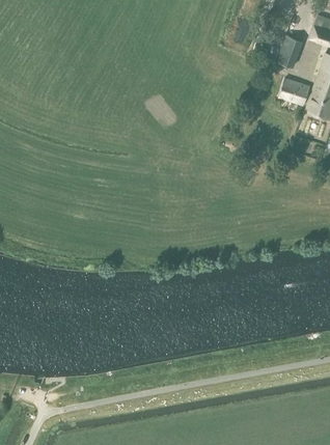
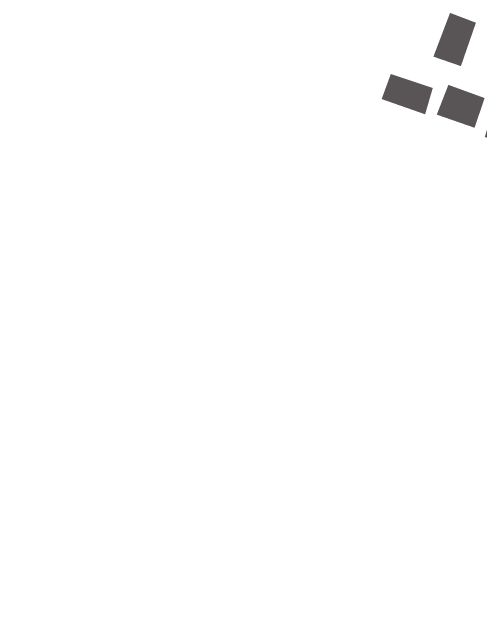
building: none -> [381,73,434,115]

